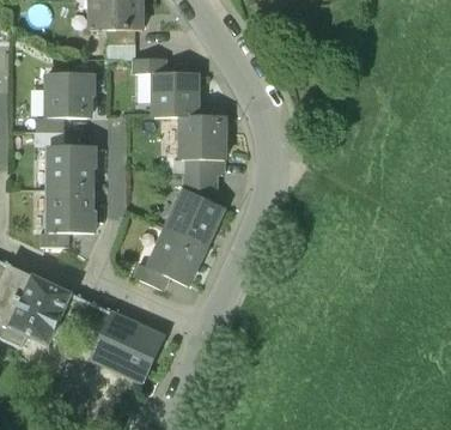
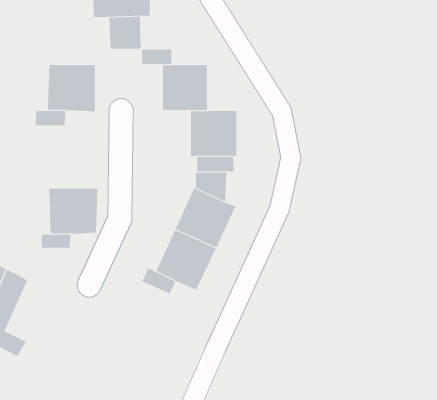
building: [47,144,93,188] -> none
building: [6,274,68,341] -> none
building: [89,311,163,380] -> none

